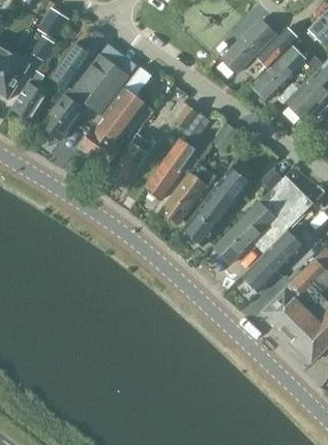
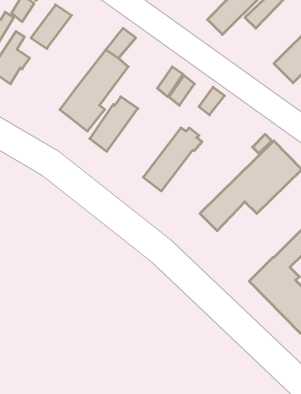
building: [252,44,307,99] -> none
building: [41,53,129,141] -> none
building: [145,137,198,198] -> none
building: [182,167,251,244] -> none
building: [242,229,304,291] -> none

